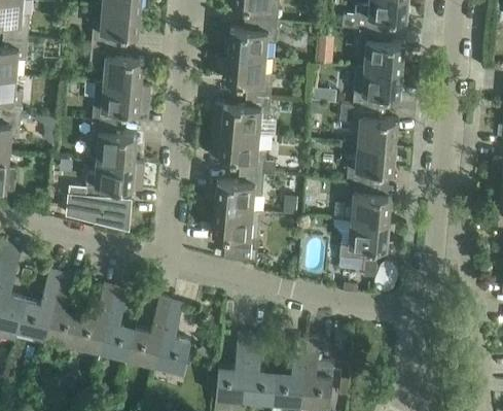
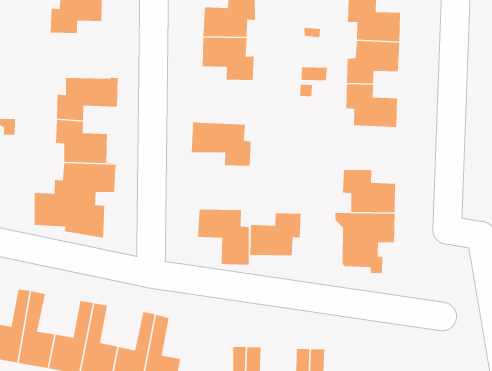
building: [88,45,143,89] -> none
building: [213,97,270,137] -> none
building: [345,144,395,184] -> none
building: [214,173,262,213] -> [250,212,301,256]

